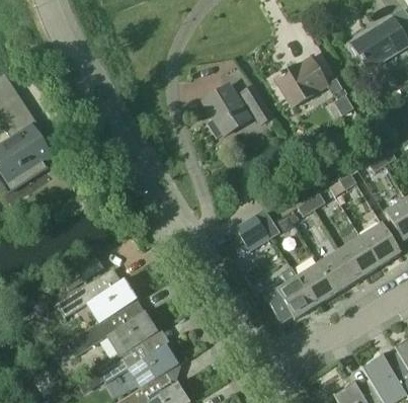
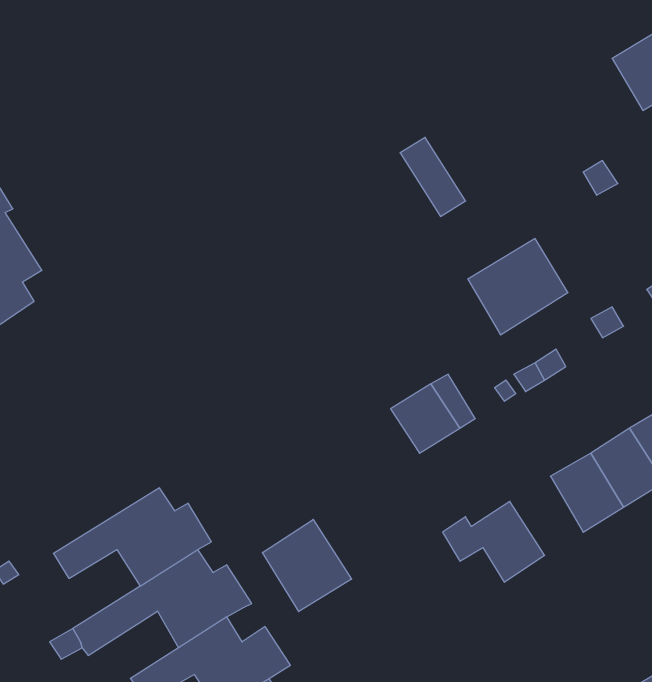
building: [274,57,327,107] -> [468,239,568,335]
building: [202,83,251,137] -> none
building: [298,262,336,304] -> none
building: none -> [262,519,352,612]

